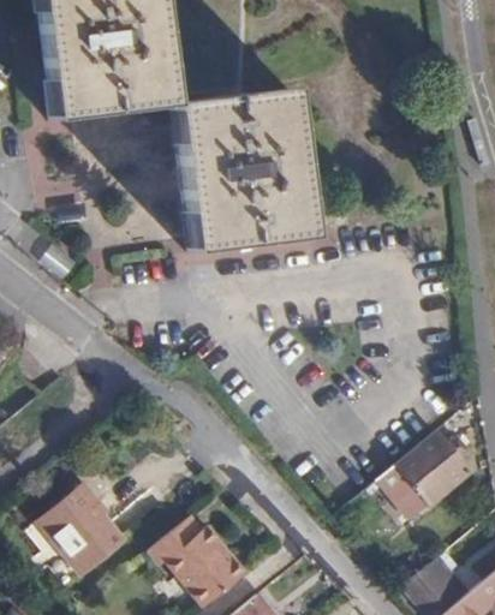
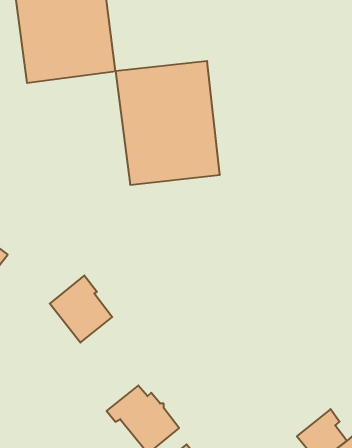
building: [374,431,466,519] -> none
building: [37,486,120,575] -> [50,275,112,343]

